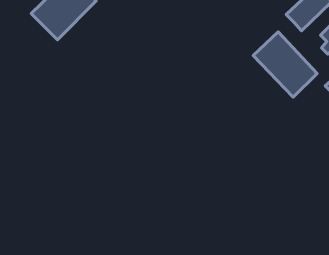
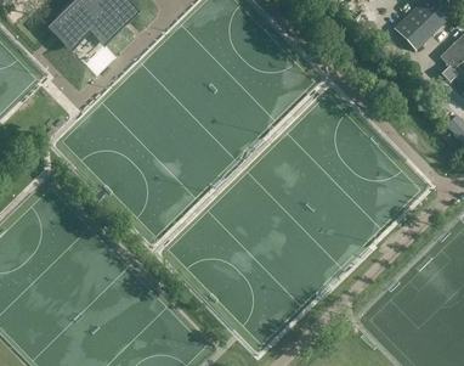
building: [253,32,317,97] -> none

